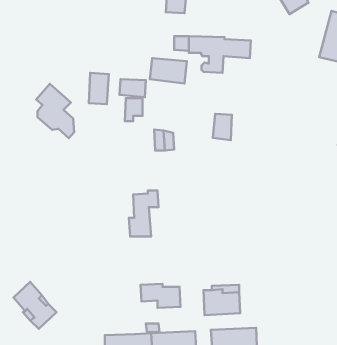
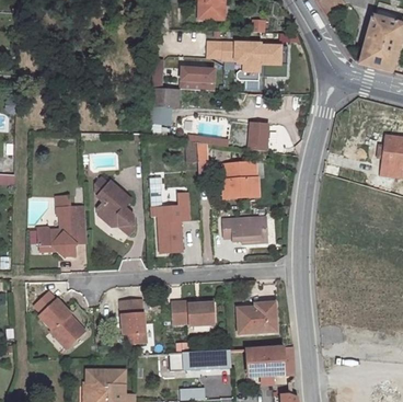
building: [89,73,109,104] -> none
building: [36,84,74,138] -> [95,173,135,230]
building: none -> [222,162,258,197]
building: none -> [37,206,87,257]
building: none -> [222,218,267,242]
building: none -> [119,298,147,343]

